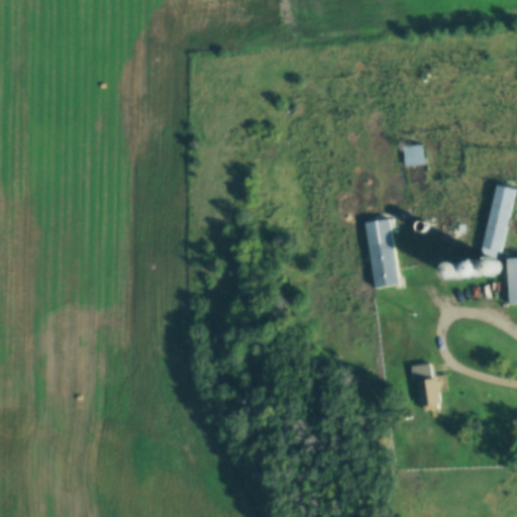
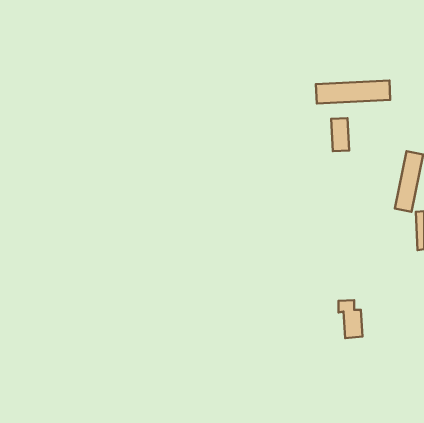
building: none -> [316,81,390,103]
building: [366,217,401,289] -> none

